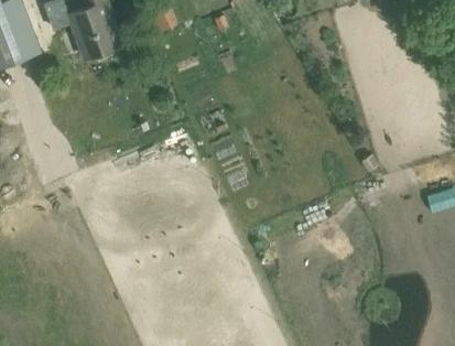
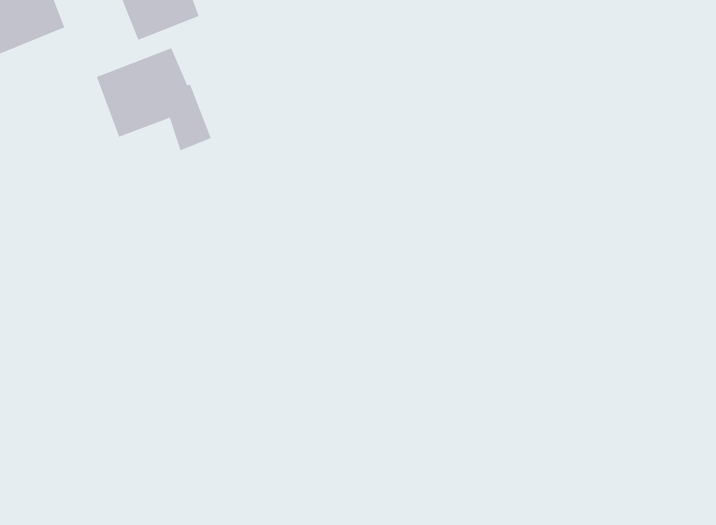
building: none -> [96,48,212,151]

